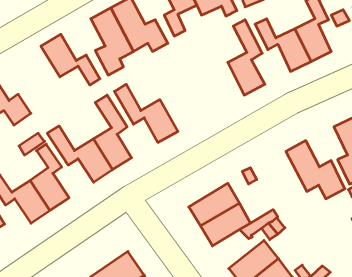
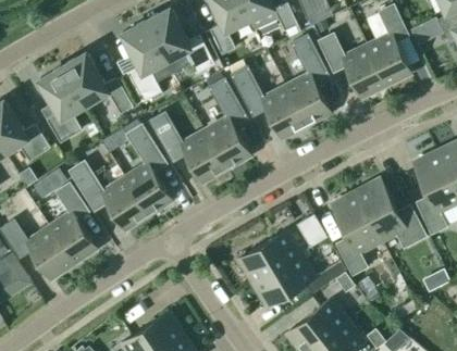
building: none -> [39,66,85,142]
building: none -> [232,66,306,137]
building: none -> [205,78,250,168]
building: none -> [332,192,381,273]

